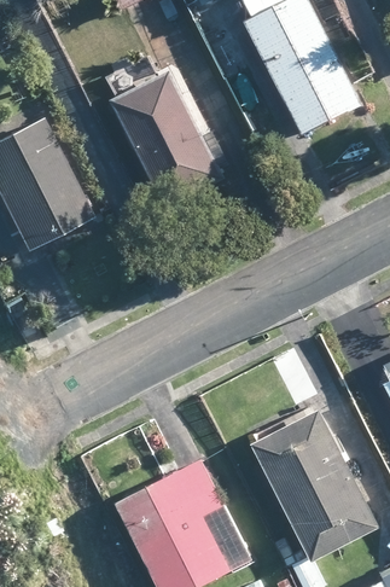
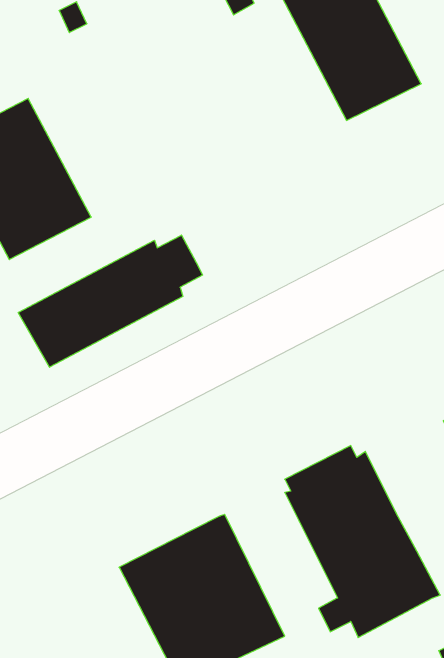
building: [109,69,226,209] -> none
building: none -> [18,235,202,367]

